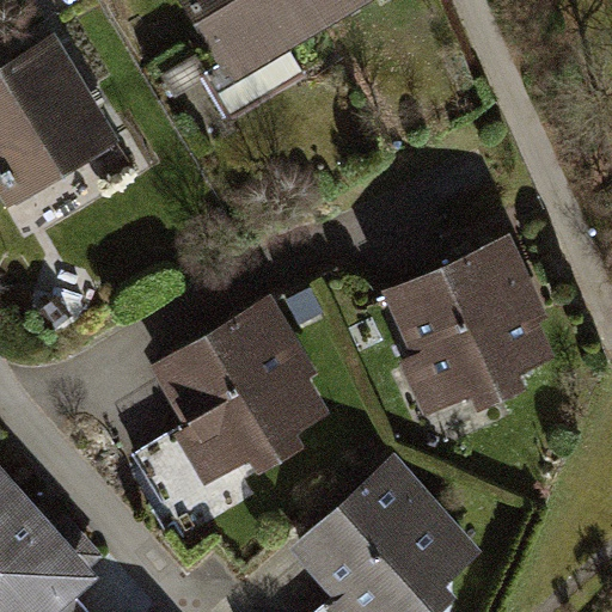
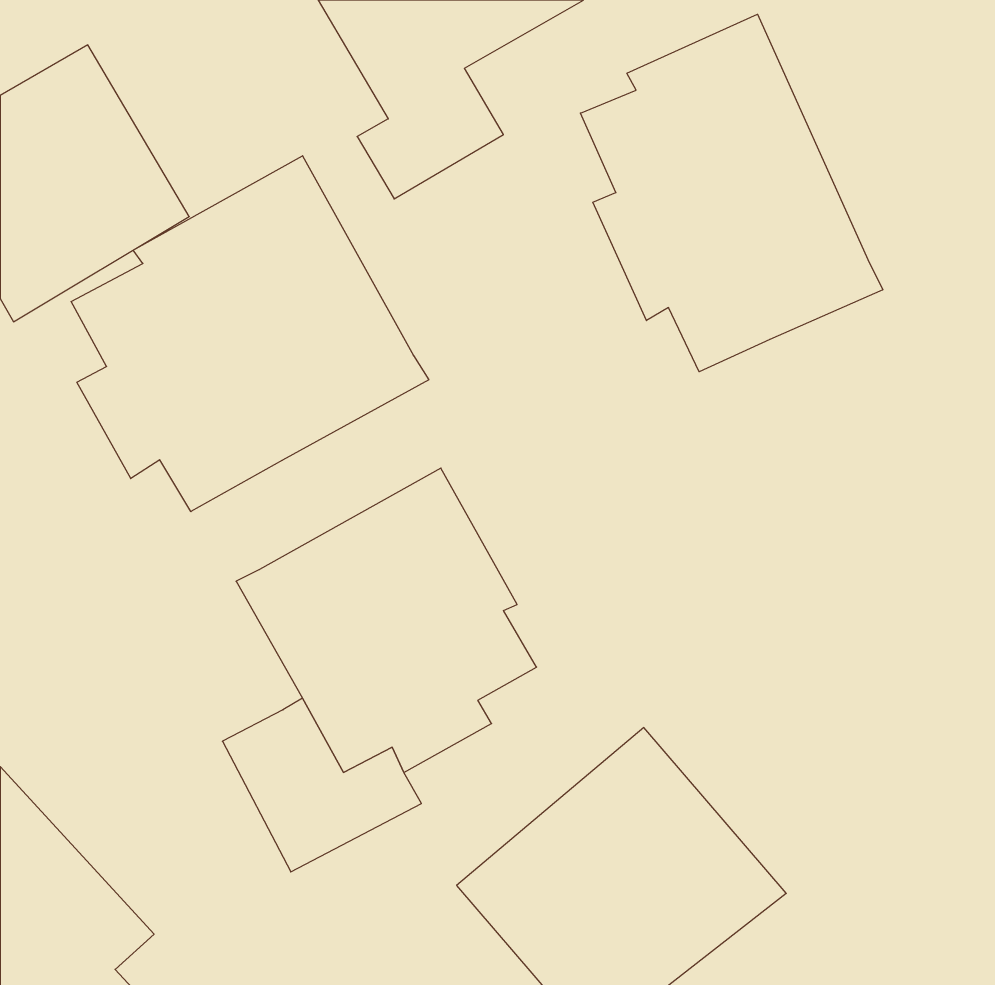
building: none -> [580,14,883,372]
building: none -> [71,156,429,512]
building: [384,232,550,415] -> none

